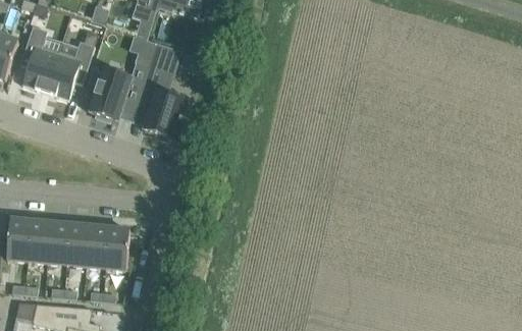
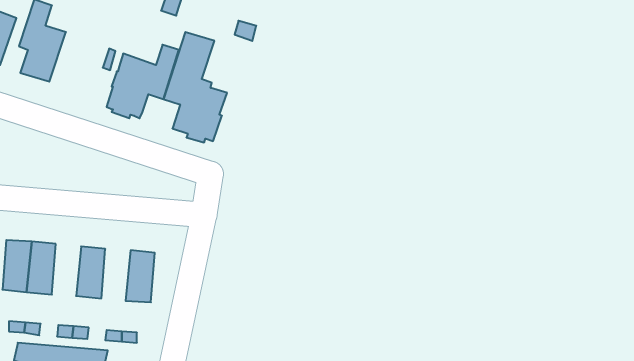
building: [45,40,95,99] -> none
building: [47,221,70,263] -> none
building: [87,225,110,267] -> none

